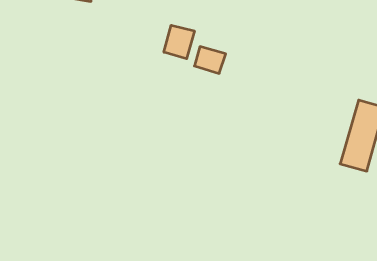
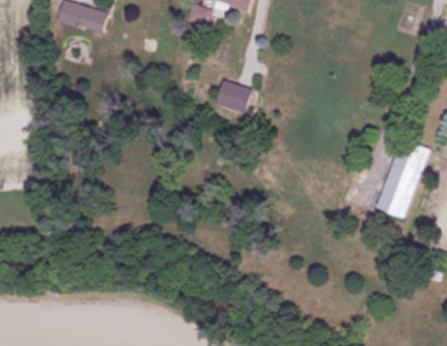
building: [164,25,194,59] -> none

